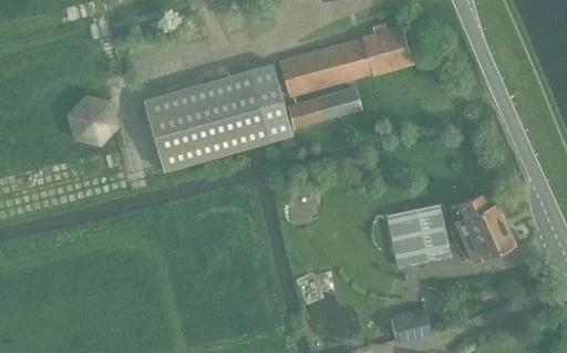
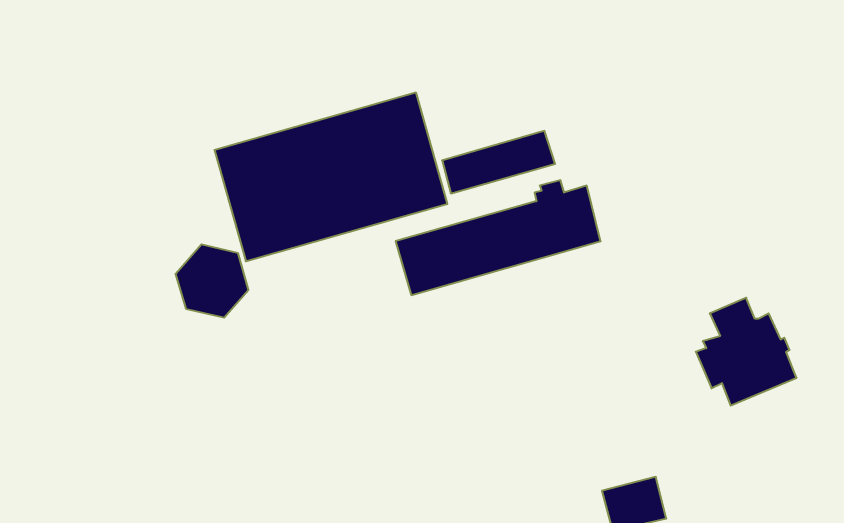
building: [279,23,410,96] -> [396,180,601,295]
building: [69,96,115,143] -> [175,244,248,318]
building: [386,204,450,268] -> none

